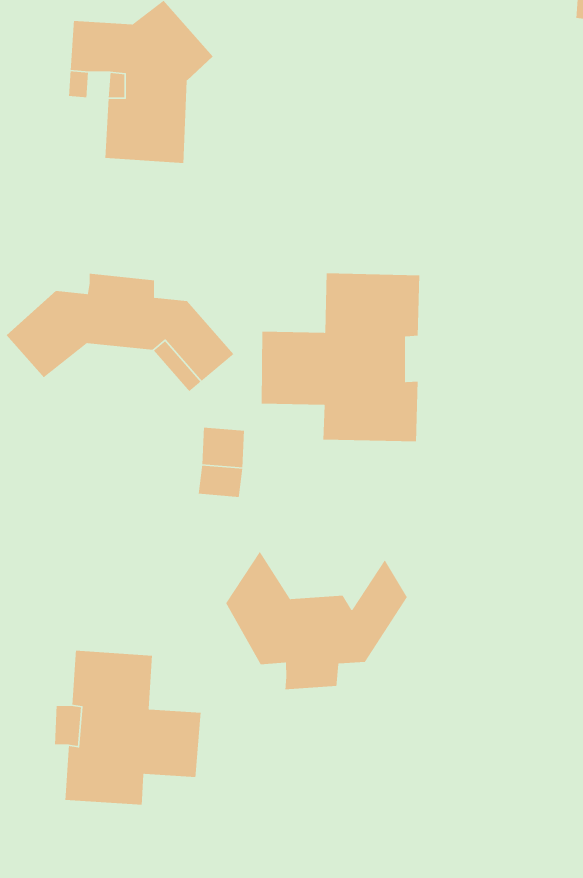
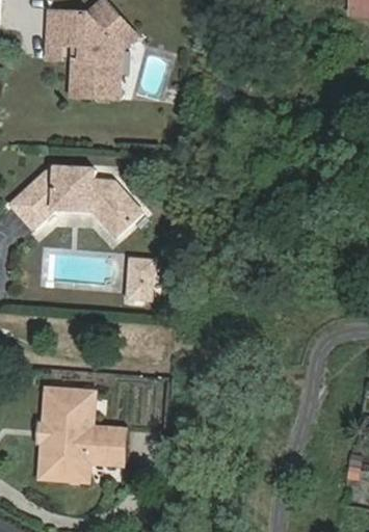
building: [261,273,420,442] -> none
building: [225,550,408,690] -> none

